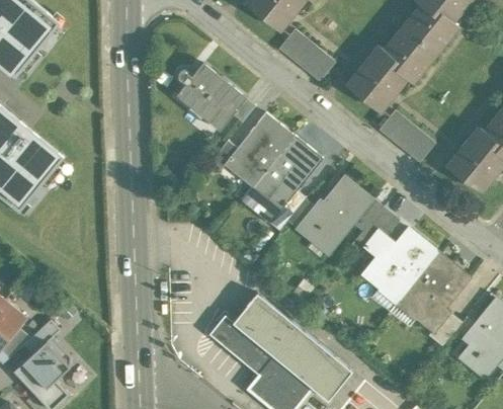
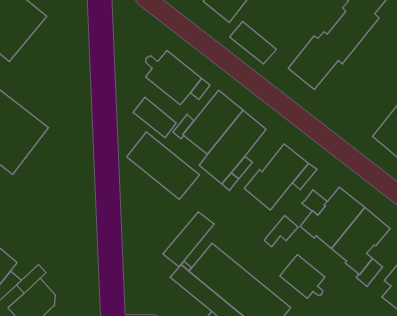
building: [381,109,434,160] -> none
building: none -> [133,97,176,138]
building: none -> [127,132,199,199]
building: [358,206,399,243] -> [264,215,298,247]
building: none -> [163,212,214,267]
building: none -> [280,255,325,298]

